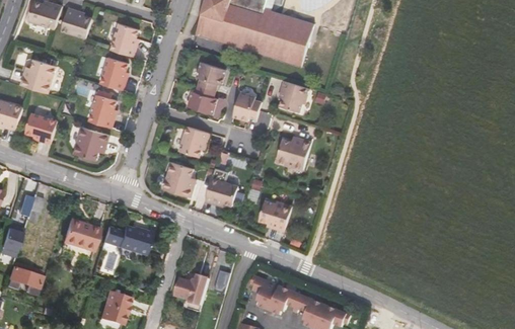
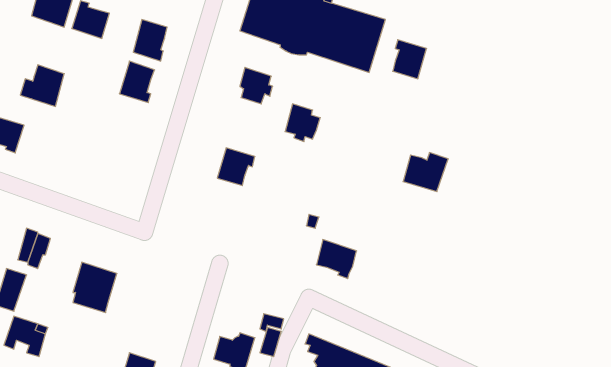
building: [279,80,306,111] -> [393,40,427,79]
building: [188,85,217,112] -> none
building: [88,90,116,127] -> none
building: [24,112,57,143] -> none
building: [73,126,108,160] -> none
building: [276,137,312,168] -> [403,153,448,192]
building: [162,161,194,196] -> none
building: [204,168,237,205] -> none
building: [101,225,151,254] -> none

